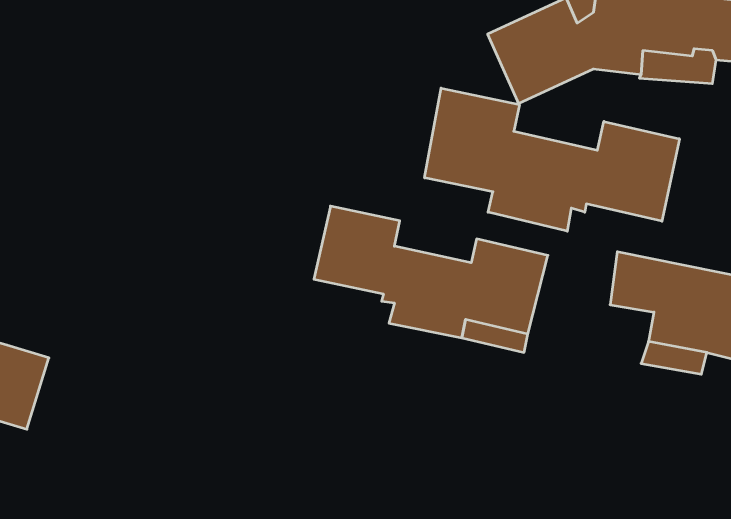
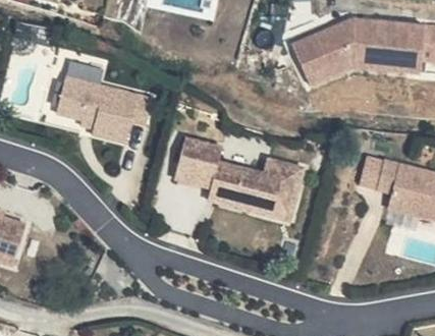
building: [425,88,679,231] -> none
building: none -> [74,76,166,138]

